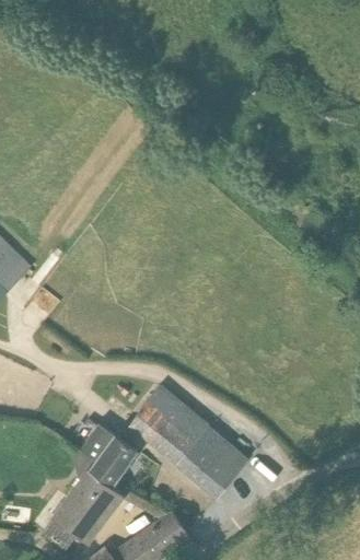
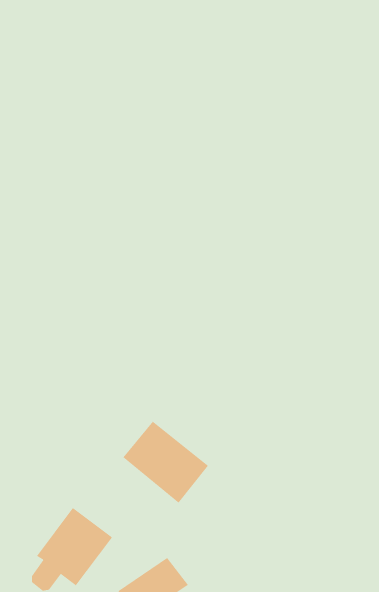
building: [81,422,138,485] -> none
building: [181,432,246,497] -> none

